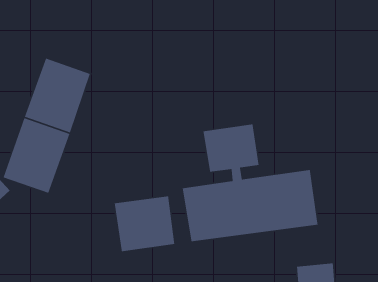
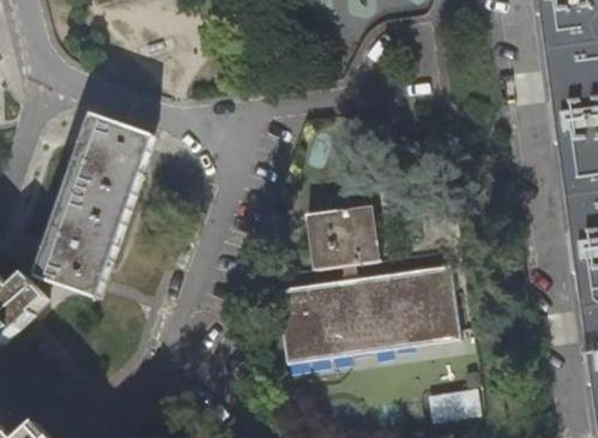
building: [114,196,175,252] -> none

